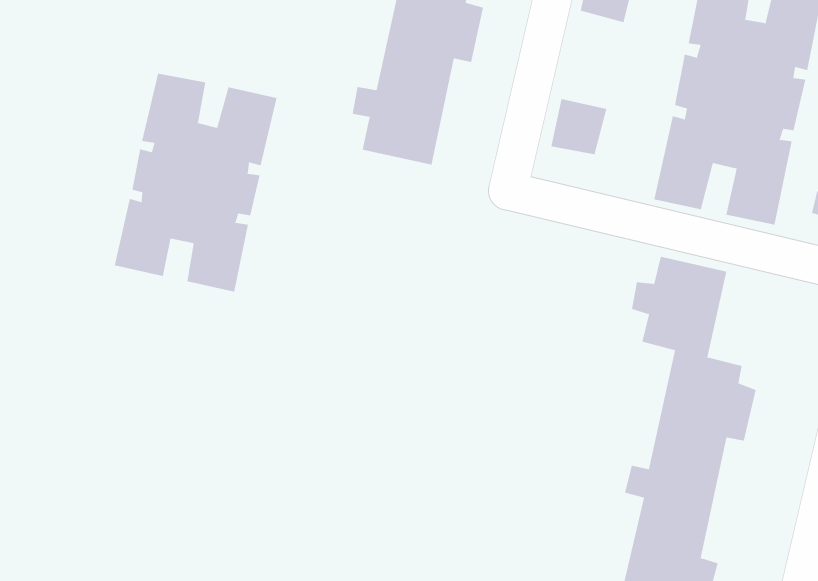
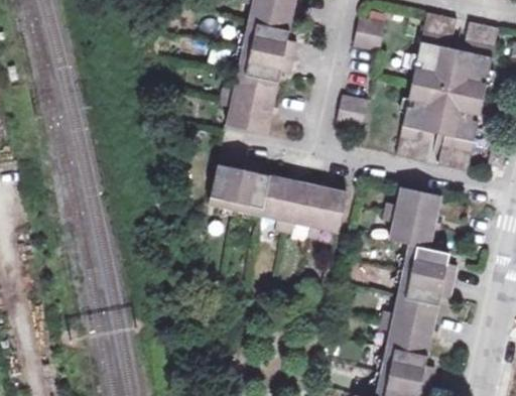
building: [114,73,277,292] -> none
building: none -> [210,157,348,240]

